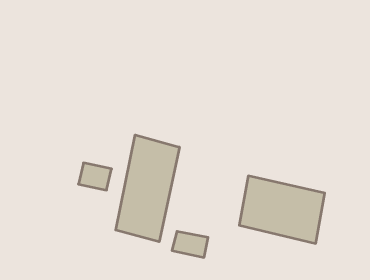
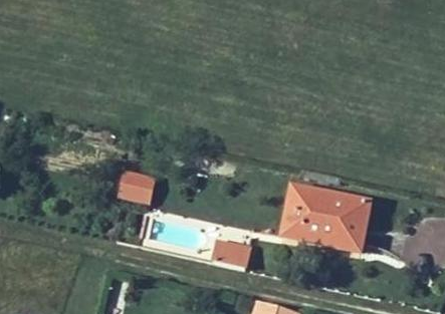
building: [116,135,179,242] -> none

